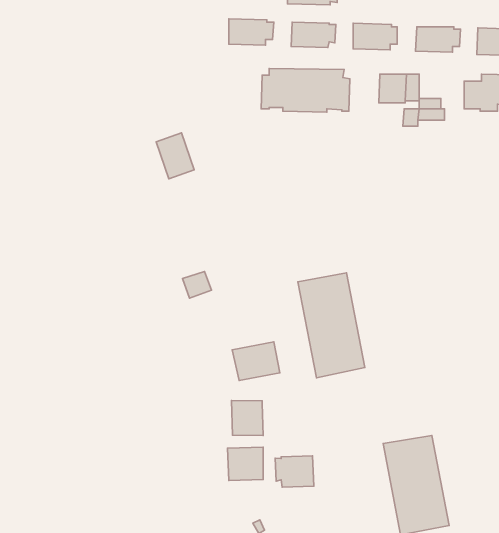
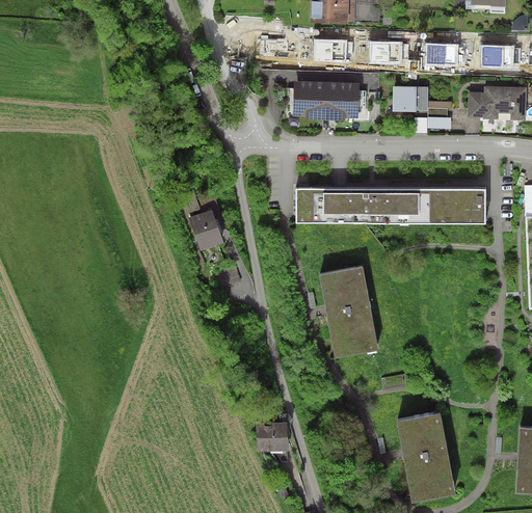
building: [156,133,194,179] -> [189,210,223,251]
building: none -> [295,188,485,224]
building: [232,342,280,381] -> none
building: [231,400,263,436] -> none
building: [275,456,314,487] -> none

